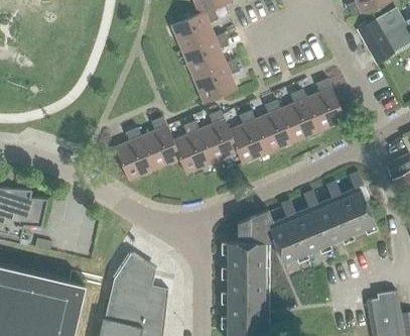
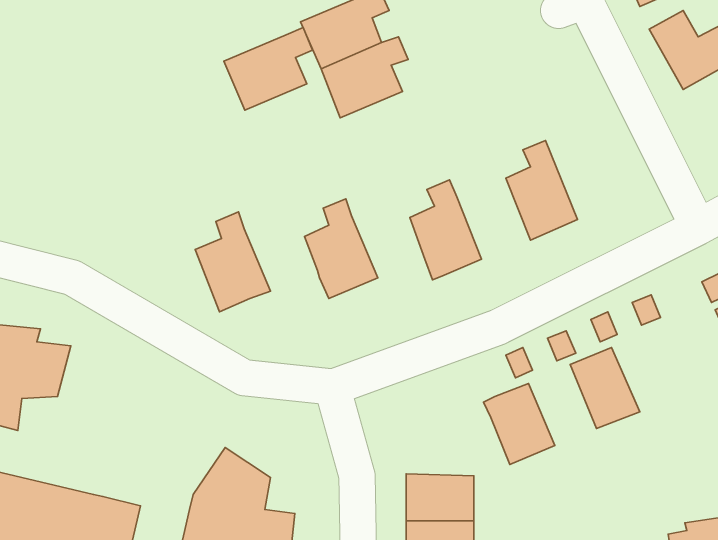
building: [191,59,239,103] -> [224,27,313,110]
building: [301,78,345,131] -> none
building: [254,100,293,152] -> none
building: [197,110,237,162] -> none
building: [140,116,179,170] -> none
building: [336,190,375,234] -> none
building: [292,209,328,252] -> none
building: [227,210,274,268] -> none

